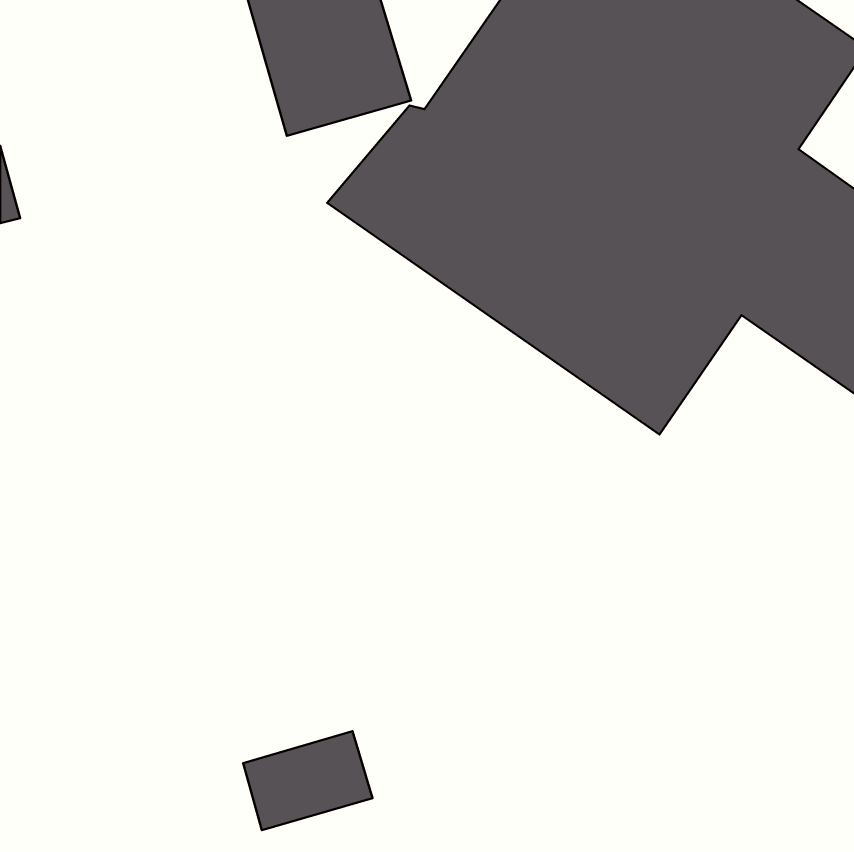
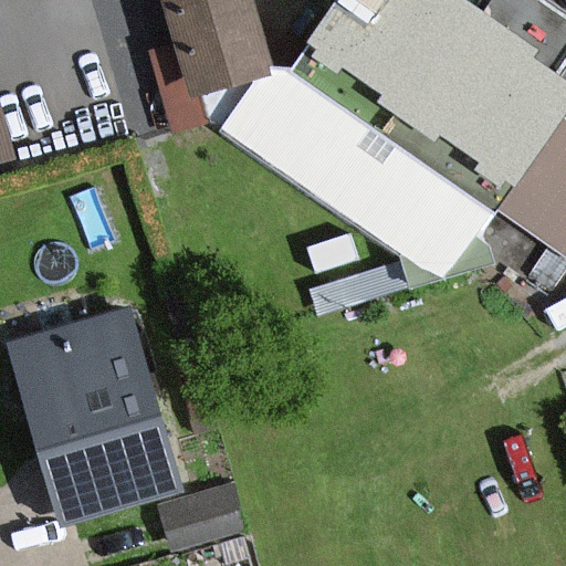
building: none -> [11,310,179,520]

